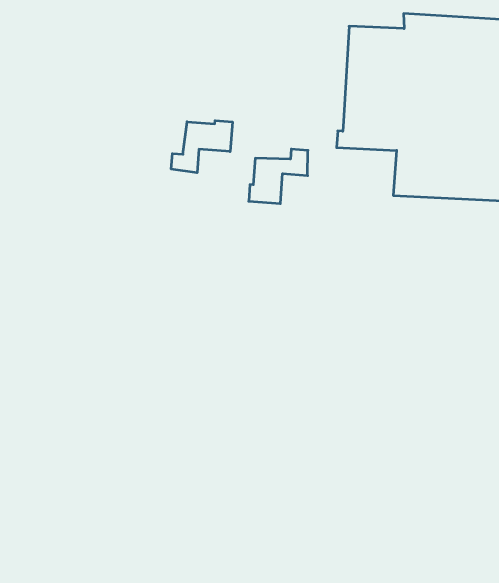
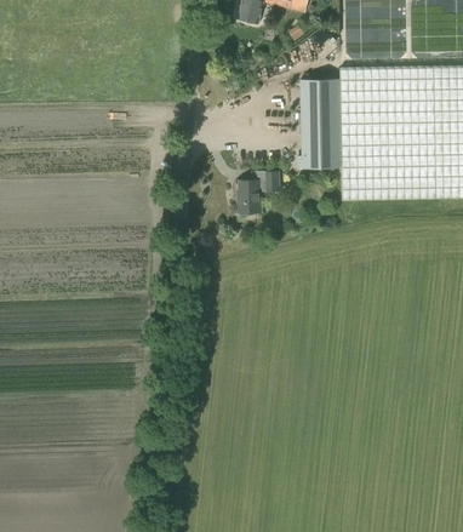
building: [171,121,232,173] -> none

